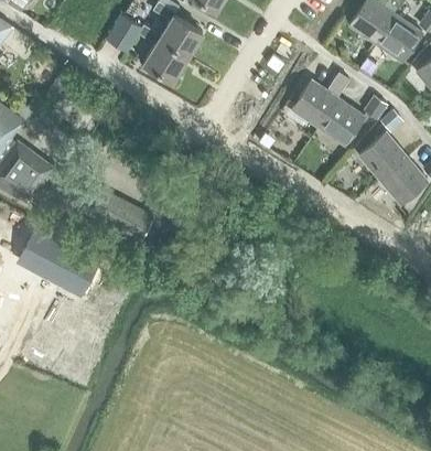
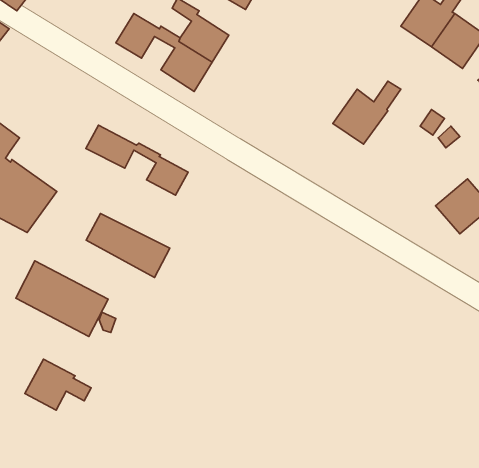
building: [317,98,365,146] -> none
building: none -> [86,125,188,195]
building: [358,132,407,180] -> none
building: none -> [25,359,91,410]

